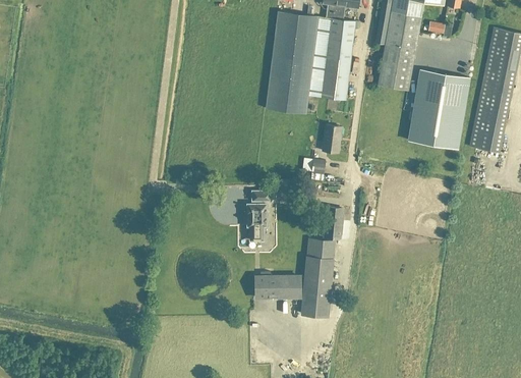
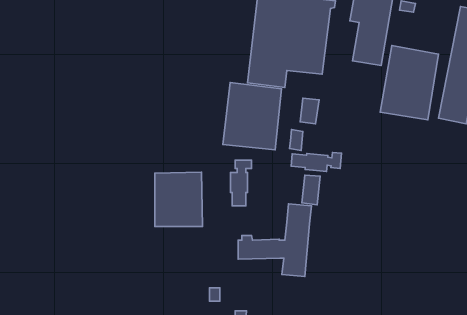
building: none -> [223,83,282,150]
building: none -> [291,152,342,172]
building: none -> [155,172,202,227]

